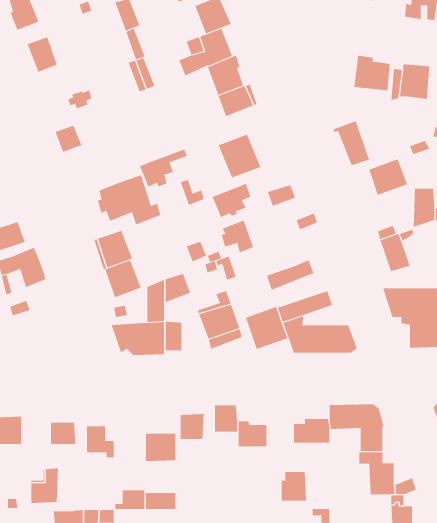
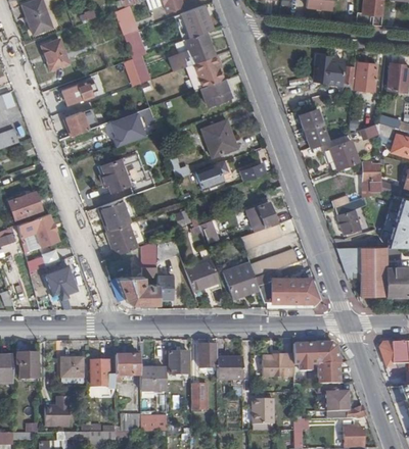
building: [139,149,187,187] -> [112,106,152,138]
building: [221,220,254,253] -> [249,201,277,229]
building: none -> [46,265,77,293]
building: none -> [115,354,141,375]
building: none -> [192,384,208,409]

